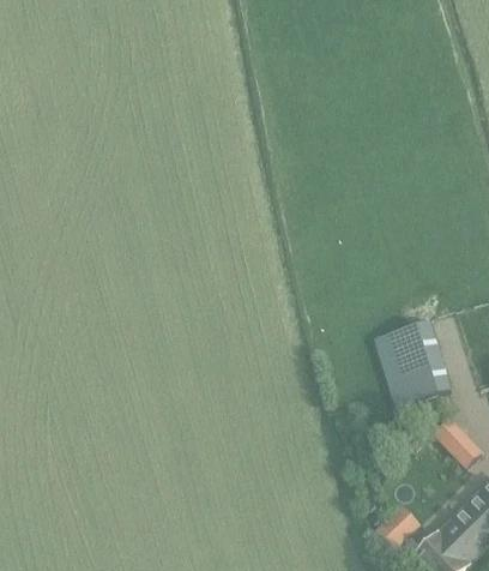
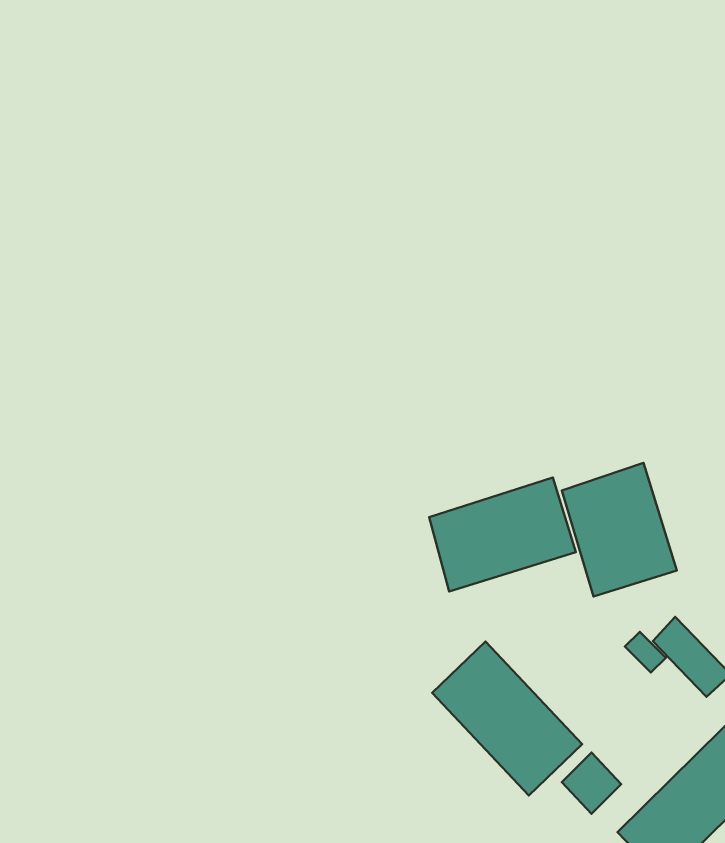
building: none -> [429,478,576,592]
building: none -> [432,642,582,795]

